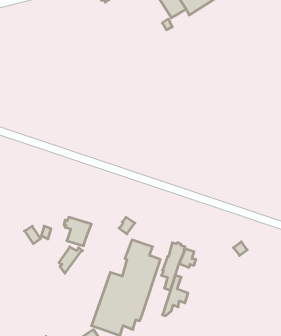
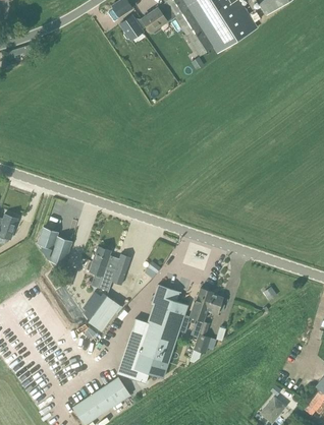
building: none -> [37,227,72,268]
building: none -> [93,246,130,285]
building: none -> [88,296,120,331]

